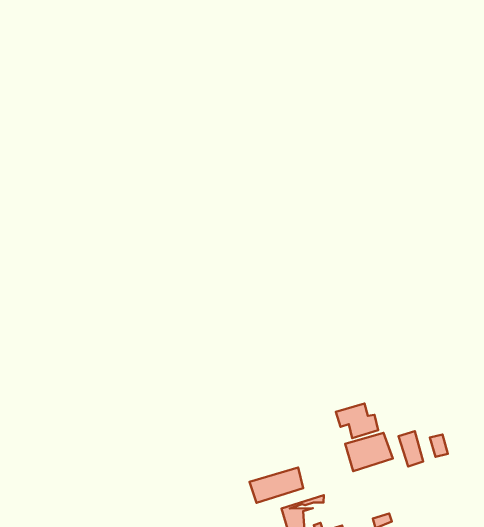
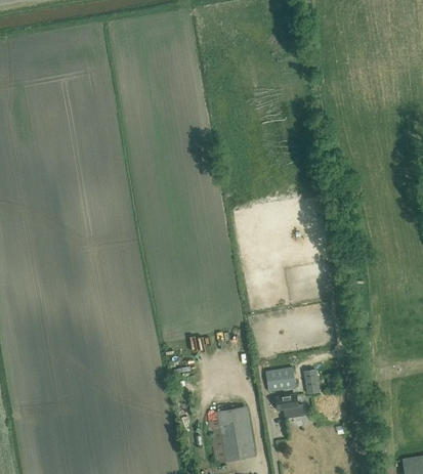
building: [336,403,378,438] -> [276,395,304,419]
building: [250,468,303,503] -> none

